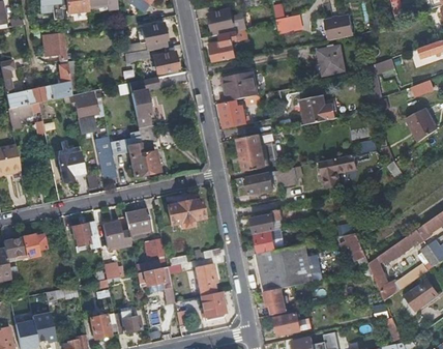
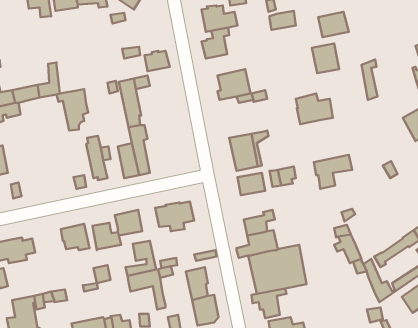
building: [143,25,168,50] -> none
building: [43,34,67,61] -> none
building: [220,100,243,128] -> none
building: [57,152,85,182] -> none

